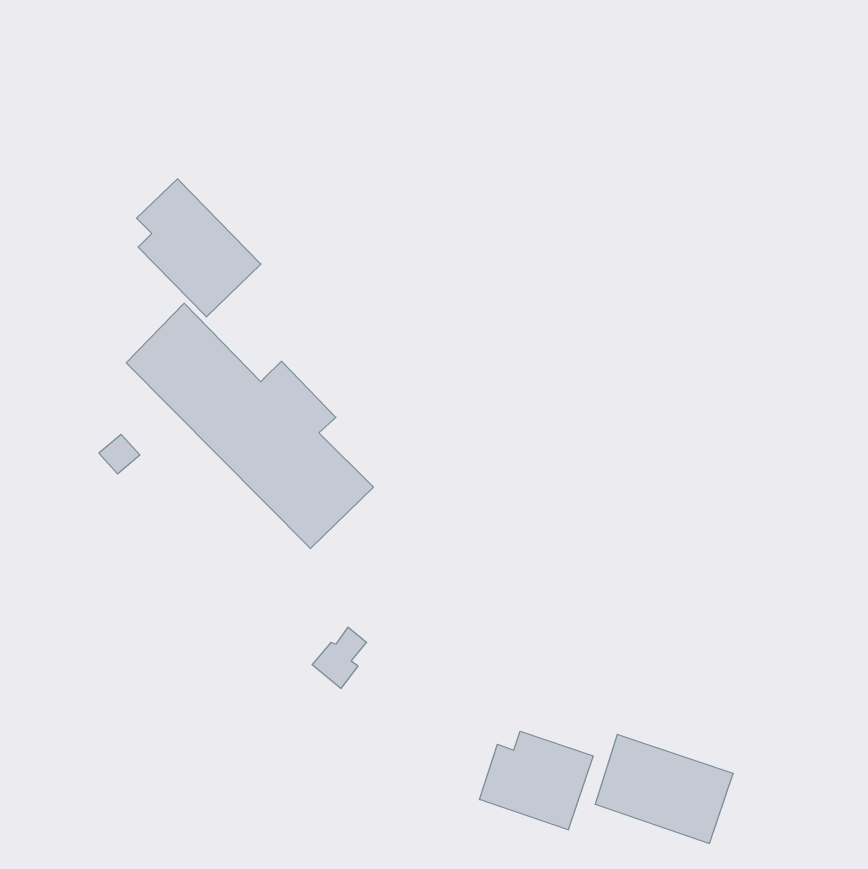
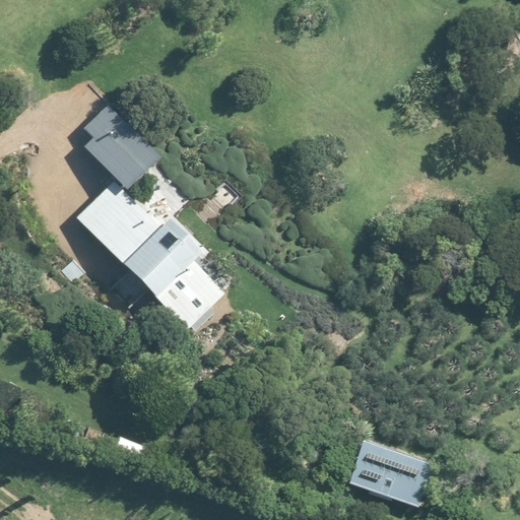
building: [479,731,593,830] -> none

